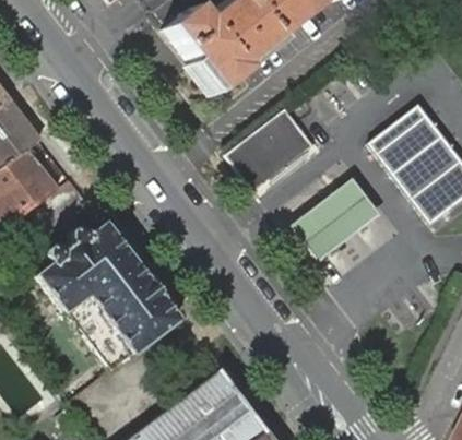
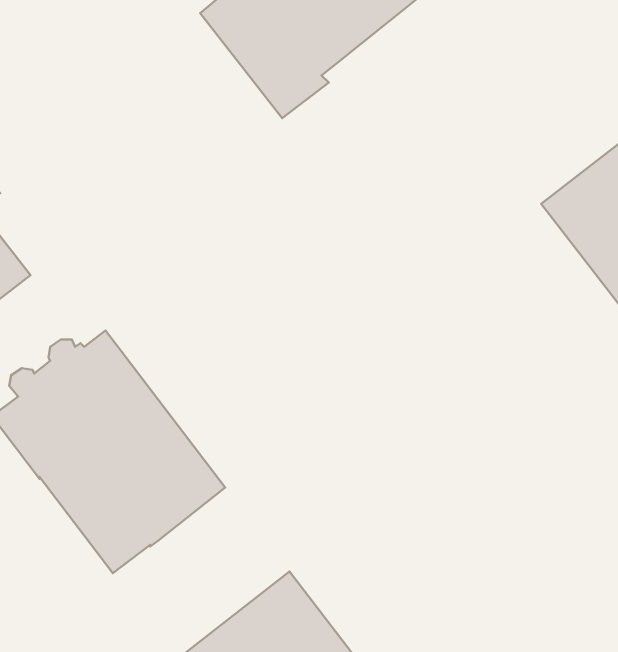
building: [226,110,313,191] -> none
building: [292,181,379,262] -> none

